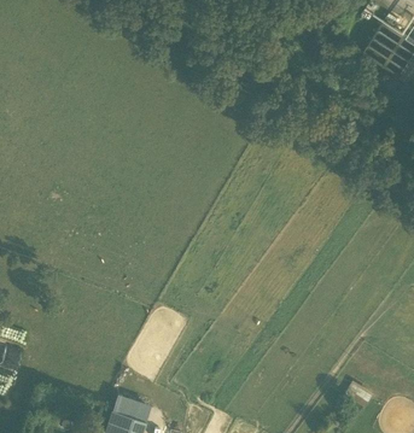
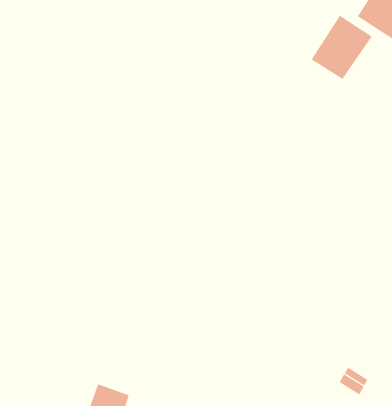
building: none -> [311,15,372,80]

